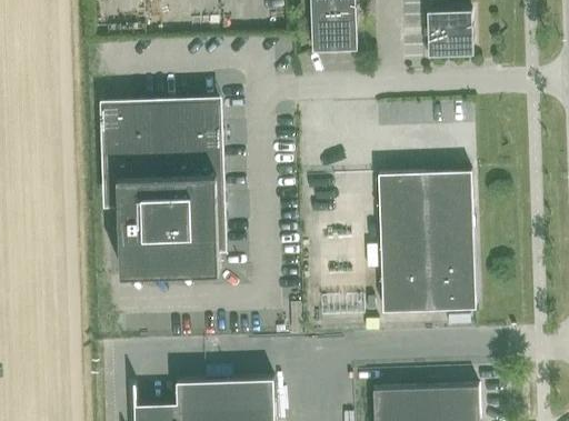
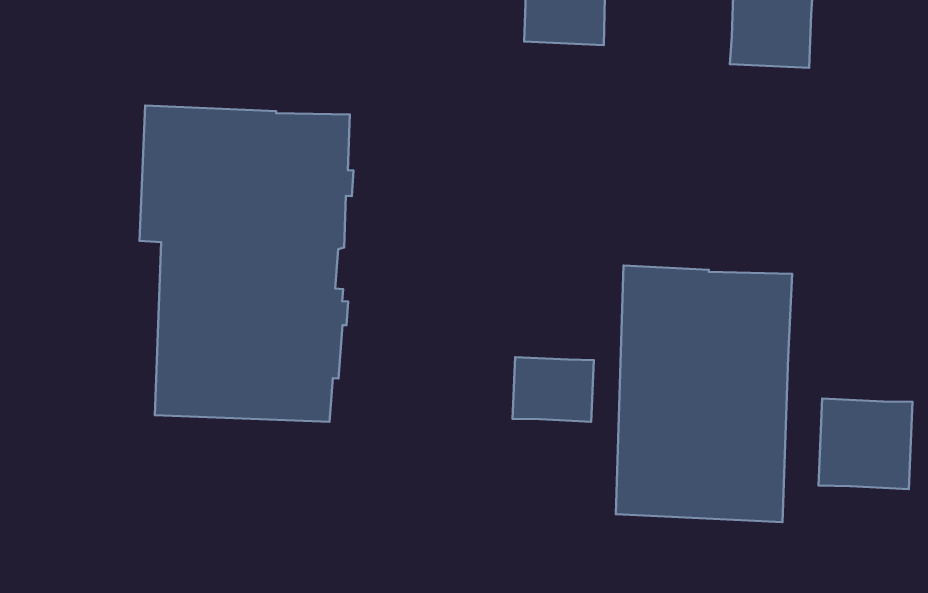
building: none -> [513,357,594,422]
building: none -> [819,398,912,489]

